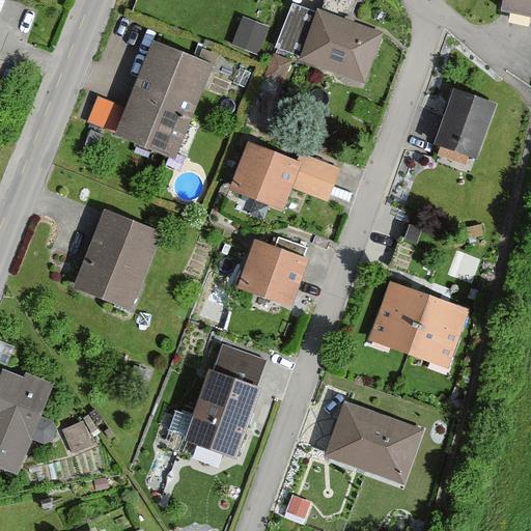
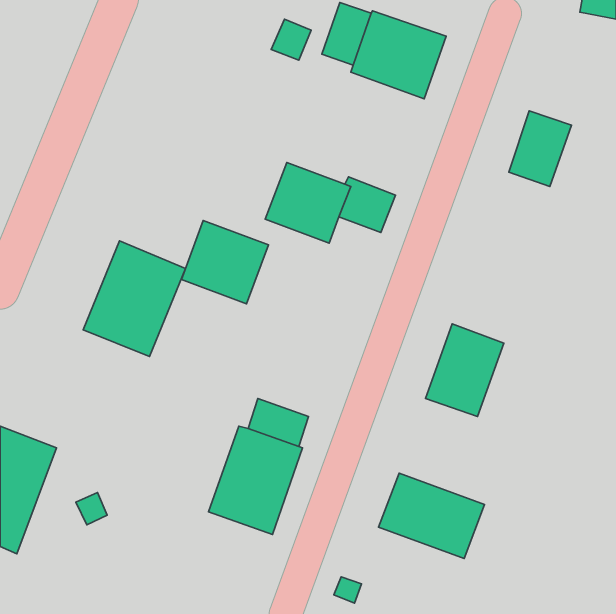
building: [111,37,212,159] -> none
building: [234,235,309,307] -> [182,221,268,304]
building: [411,296,472,372] -> none

